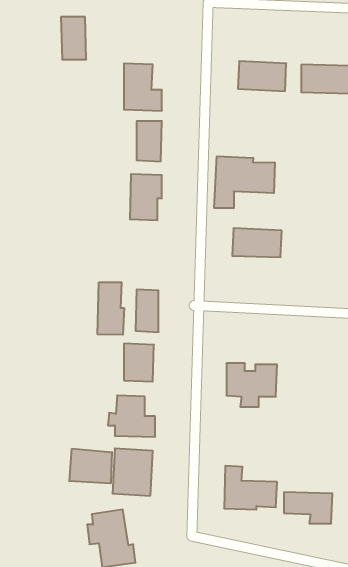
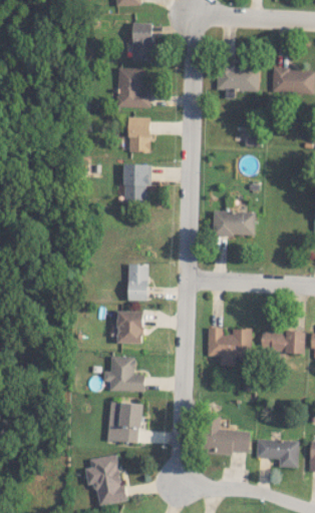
building: [61,17,86,59] -> [131,23,153,60]
building: [214,156,275,208] -> none
building: [98,282,124,335] -> none
building: none -> [260,331,305,353]
building: [69,449,112,483] -> none

